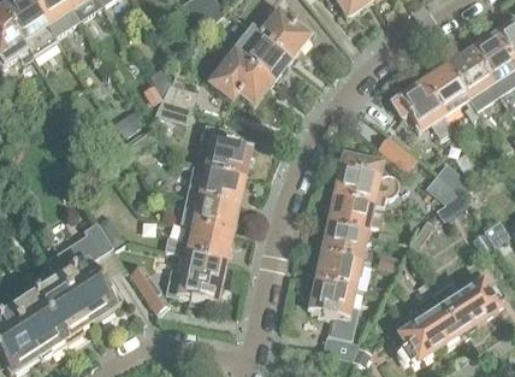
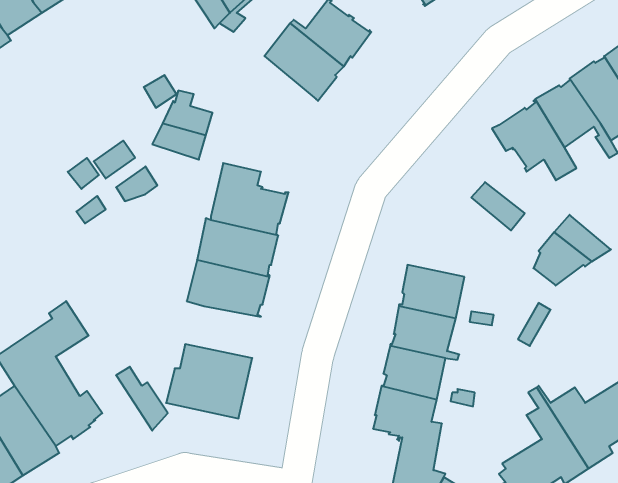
building: [209,49,271,104] -> none
building: [335,152,398,206] -> none
building: [165,224,231,260] -> none

